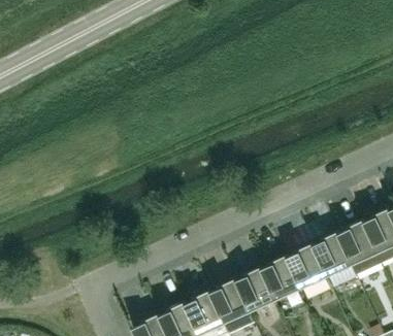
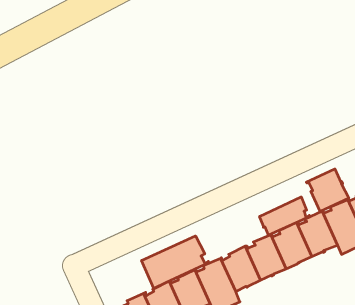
building: none -> [306,169,349,212]
building: none -> [260,197,309,235]
building: none -> [142,236,208,288]

